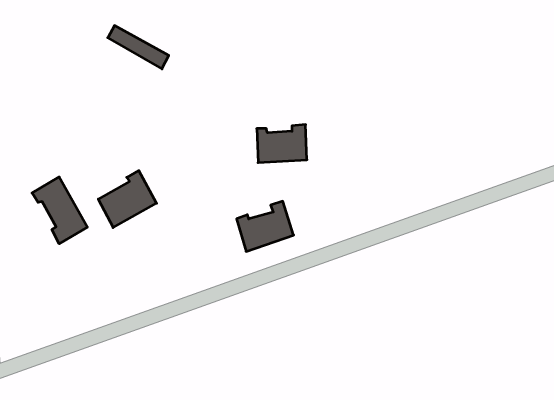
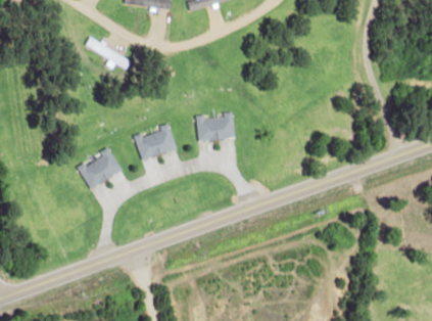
building: [32,177,87,244] -> none
building: [237,201,294,251] -> [134,123,177,161]

